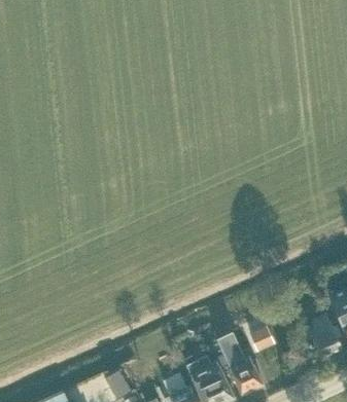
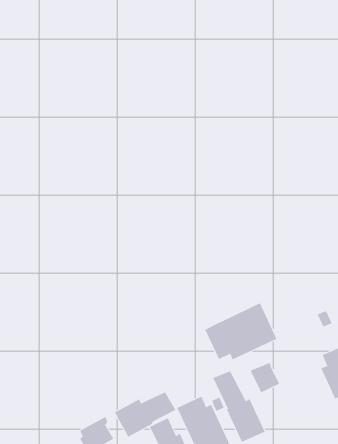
building: none -> [205,303,277,360]
building: none -> [114,392,176,438]

